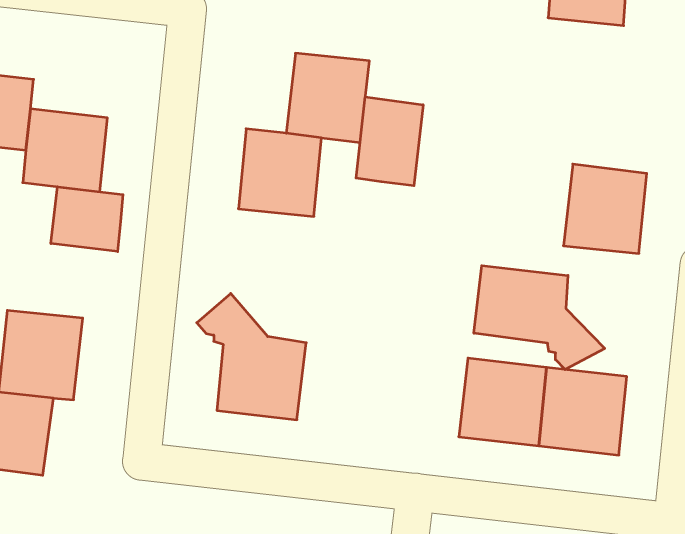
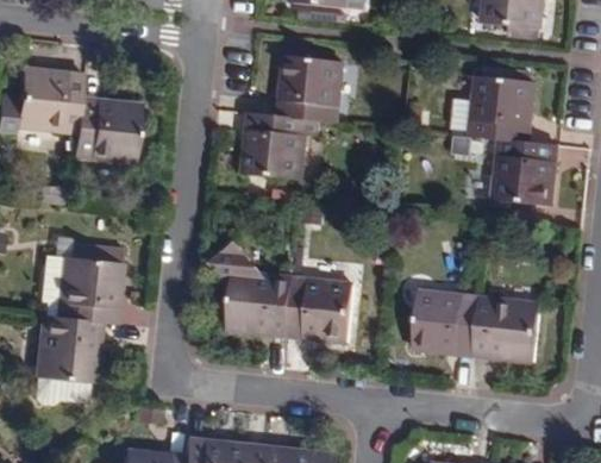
building: none -> [470,75,536,143]
building: [356,97,423,186] -> none
building: [51,187,123,252] -> none
building: [474,266,605,370] -> none
building: none -> [287,277,355,343]

